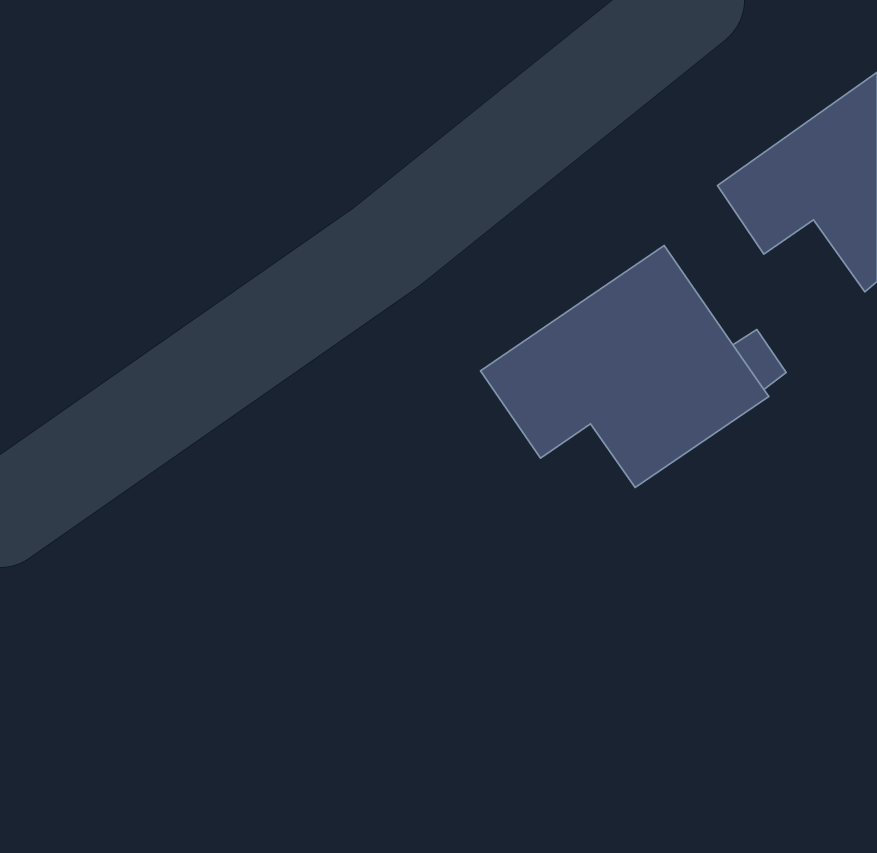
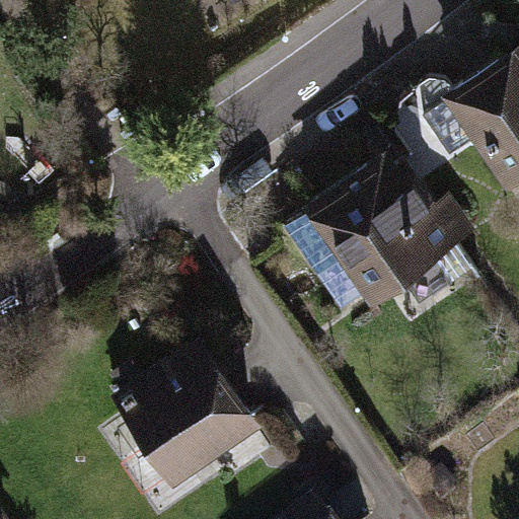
building: none -> [121,352,253,475]

